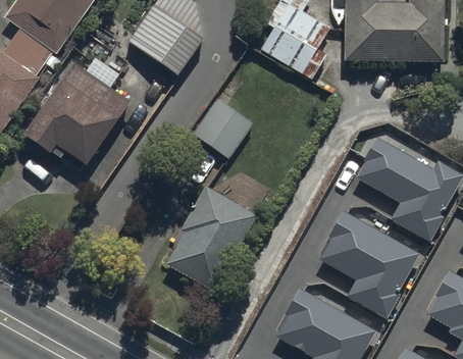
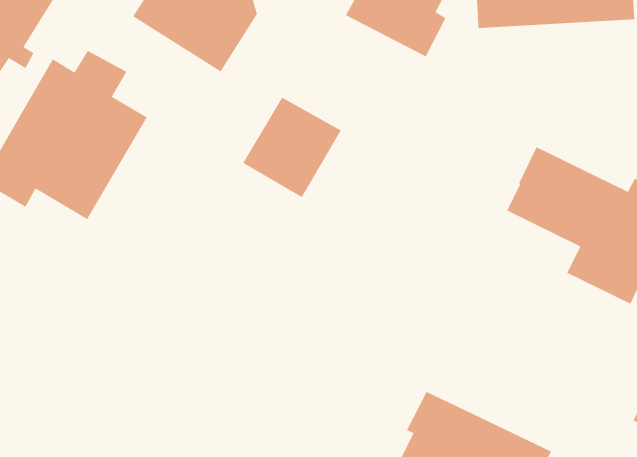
building: [165,184,255,291] -> none
building: [319,209,419,320] -> none

